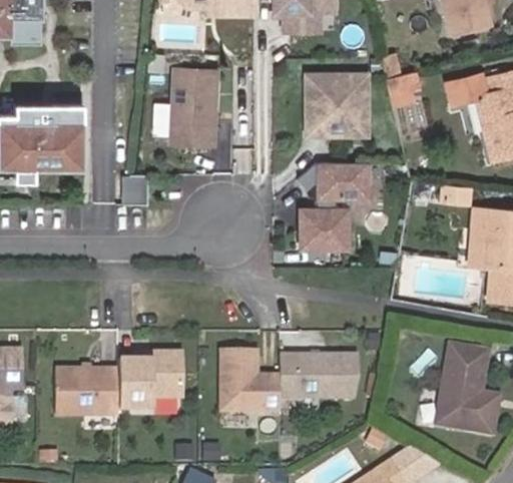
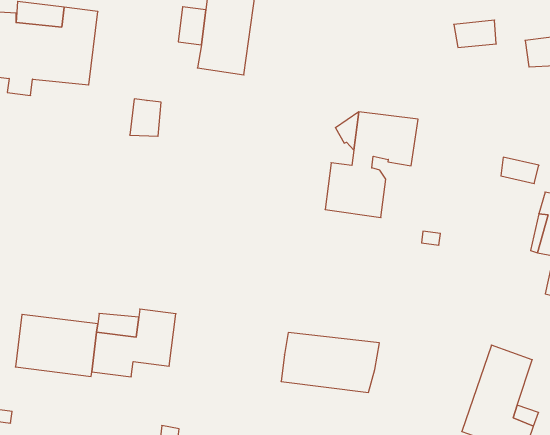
building: [309,77,369,138] -> none
building: [220,346,279,414] -> none

